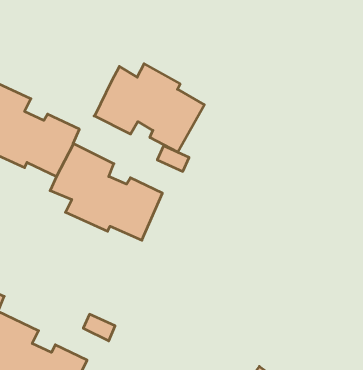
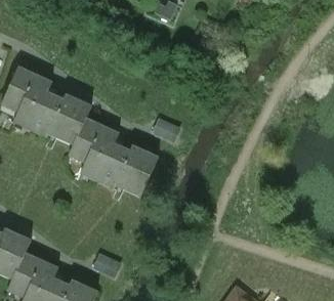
building: [94,64,204,152] -> none

